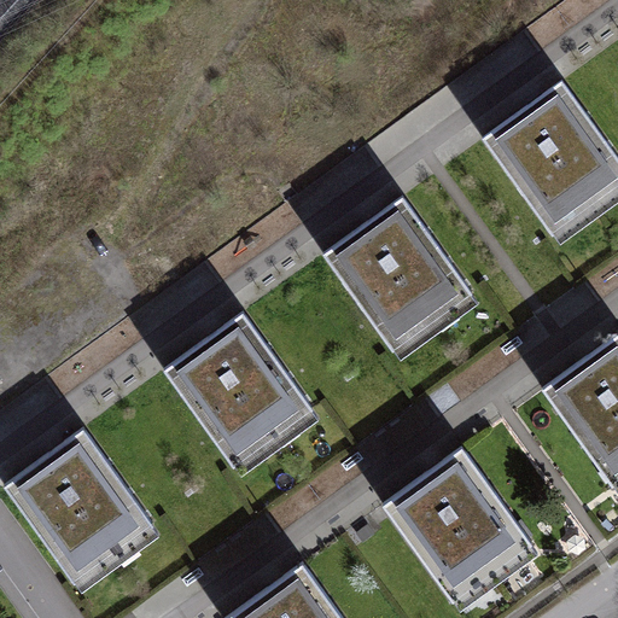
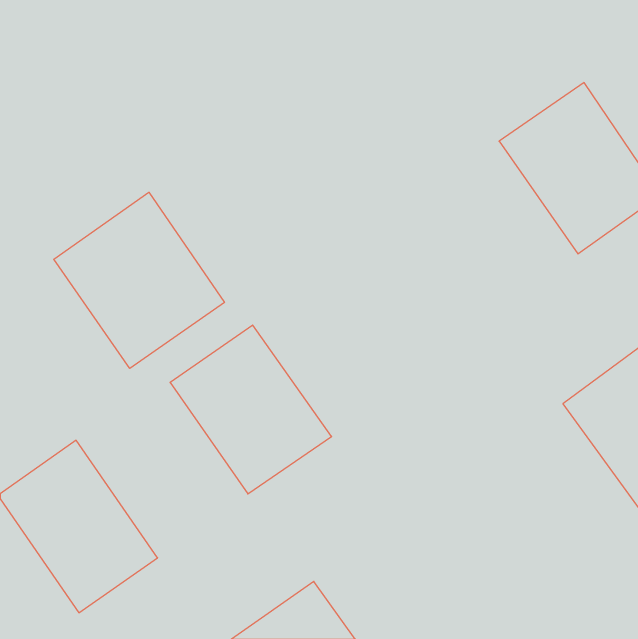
building: none -> [54,192,224,368]
building: [325,197,480,361] -> none
building: [386,447,540,606] -> none

